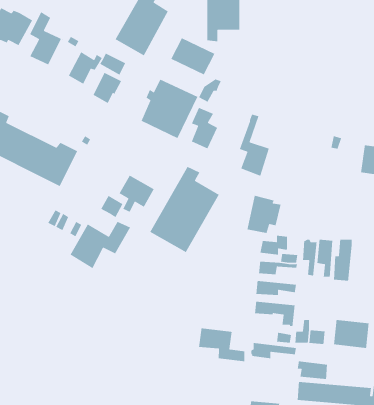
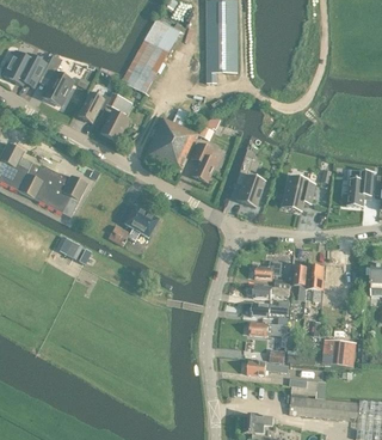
building: [170,37,215,76] -> none
building: [149,166,220,253] -> none
building: [246,195,281,234] -> [282,175,314,210]
building: [69,221,131,269] -> none
building: [198,328,245,362] -> none

